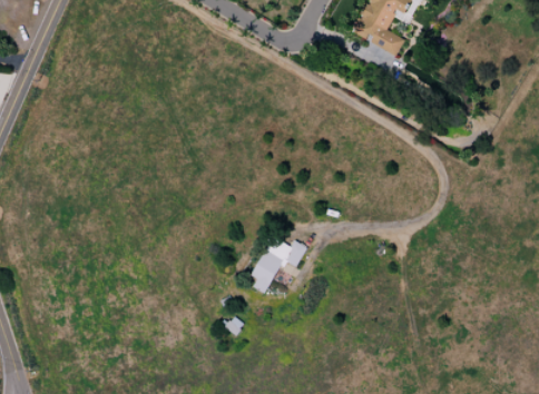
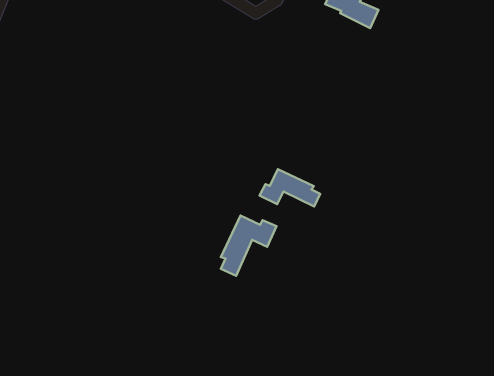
building: none -> [260,169,320,207]

